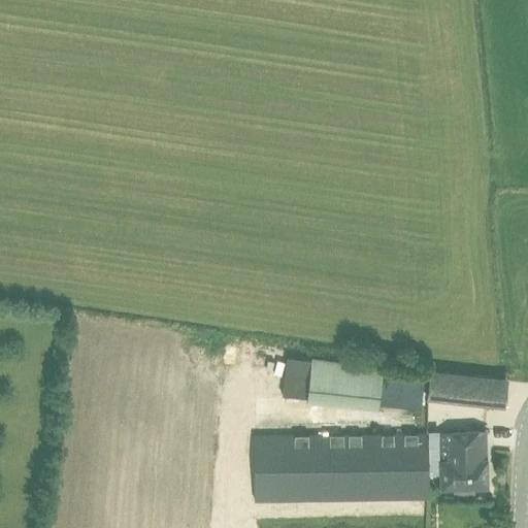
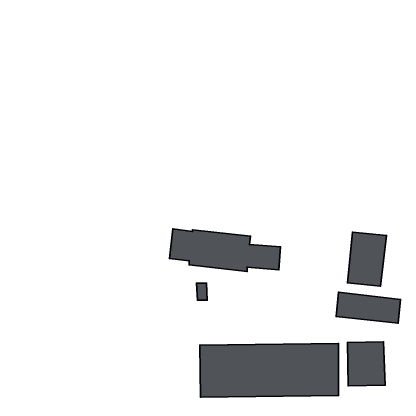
building: none -> [347,232,387,286]
building: [282,359,422,412] -> [170,229,281,271]

